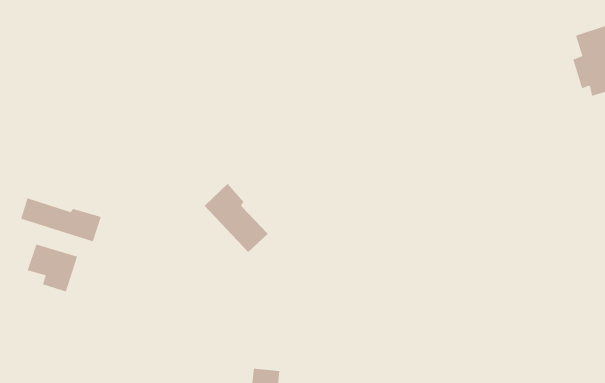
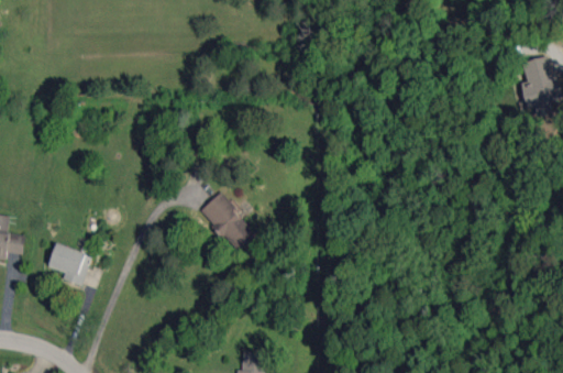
building: [20,197,102,242] -> none

